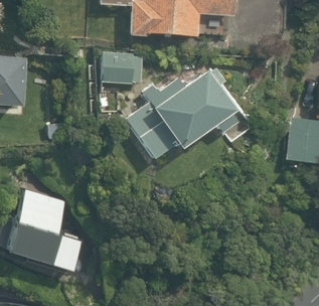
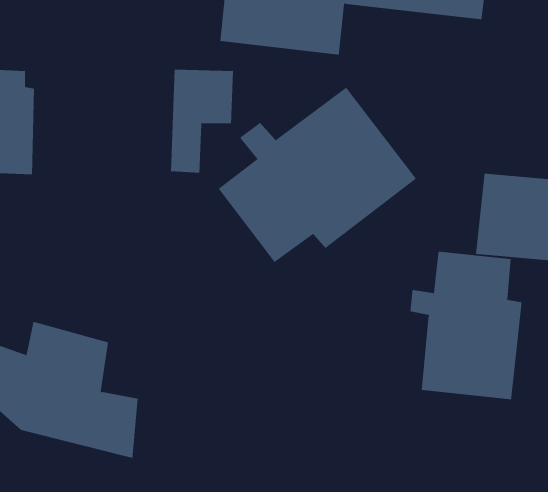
building: none -> [410,251,522,400]

